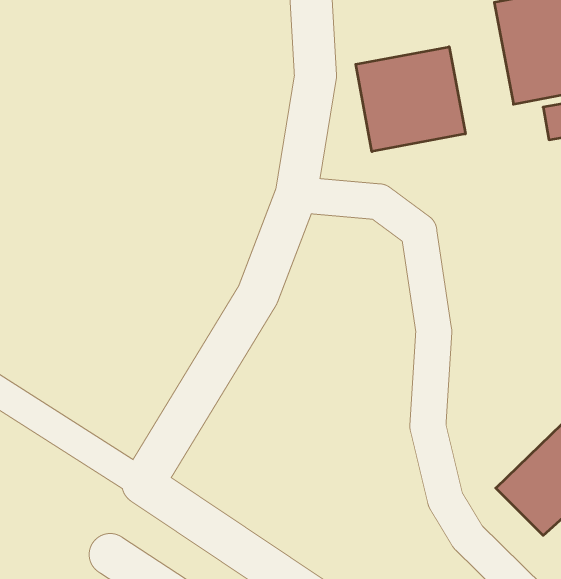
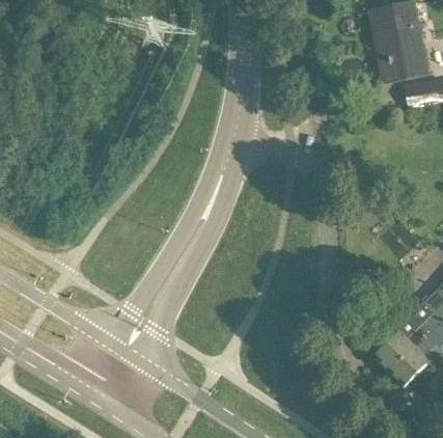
building: [356,47,465,152] -> none

